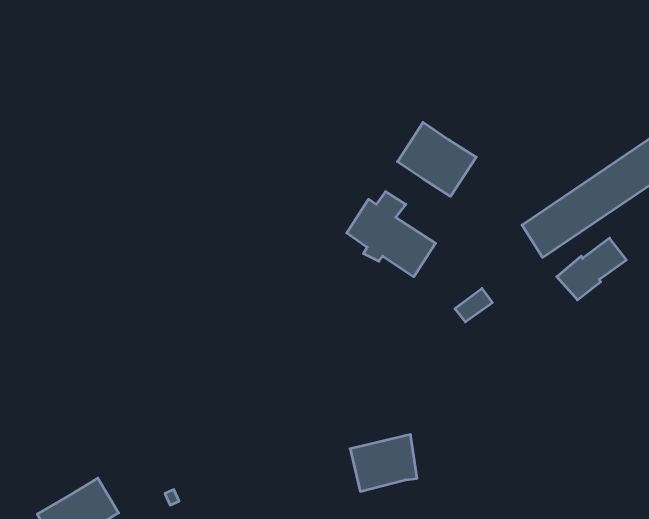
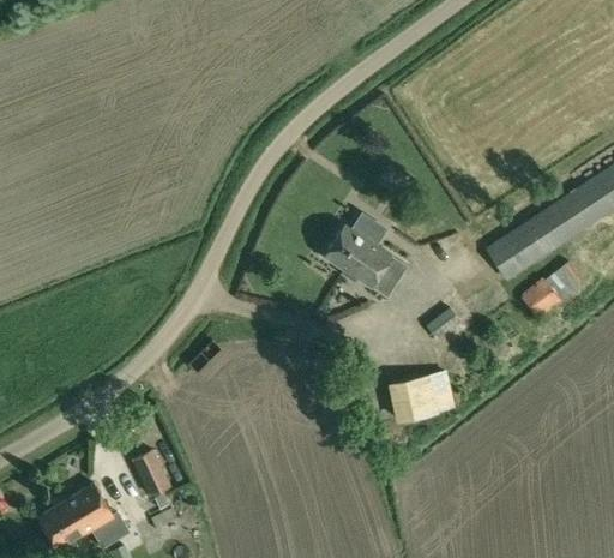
building: [397,122,476,196] -> none
building: [350,435,417,491] -> [387,371,450,424]
building: none -> [134,451,173,496]

